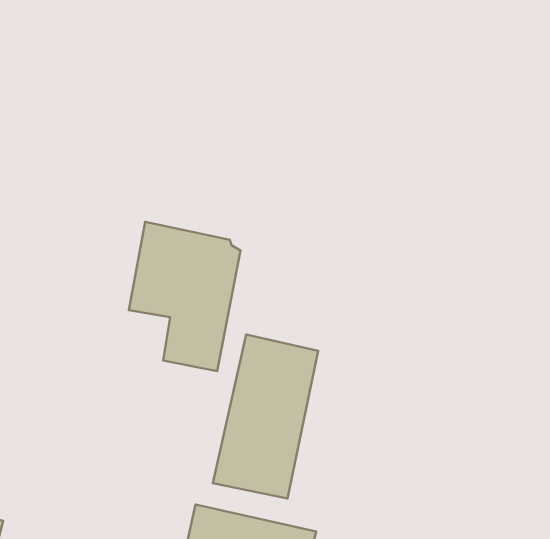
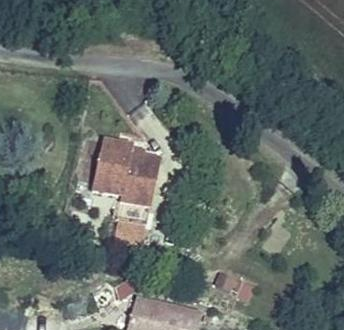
building: [213,334,318,498] -> none

